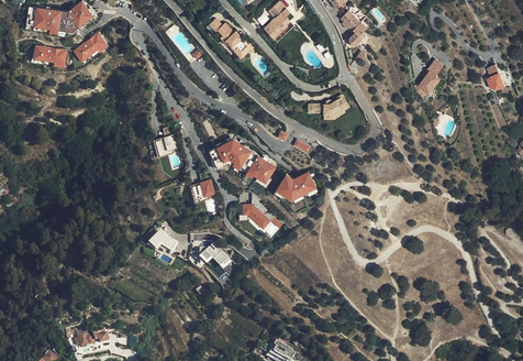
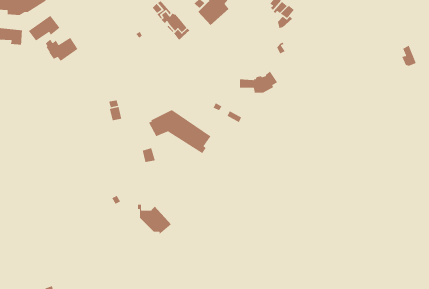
building: none -> [45,37,79,62]
building: [418,58,444,96] -> none
building: [272,171,318,201] -> none
building: [237,204,281,229] -> none

